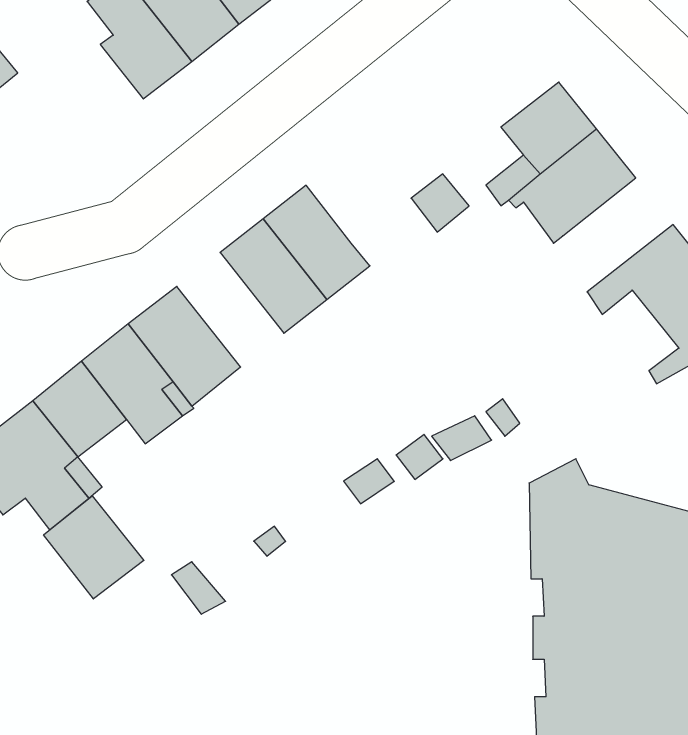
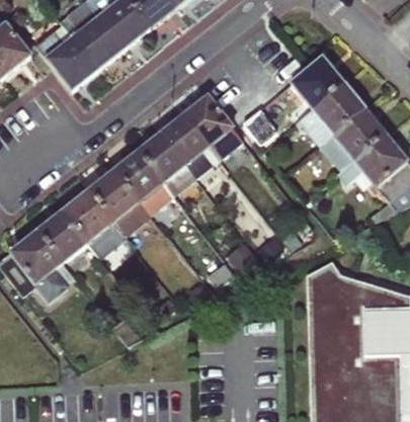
building: none -> [37,31,98,89]
building: none -> [186,96,244,155]
building: none -> [325,110,385,172]
building: none -> [116,151,174,213]
building: [44,496,144,599] -> none

